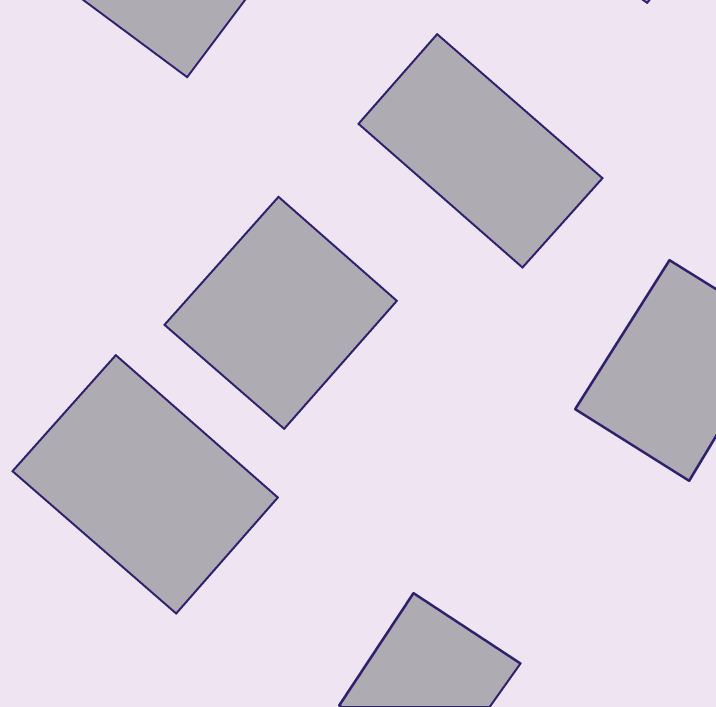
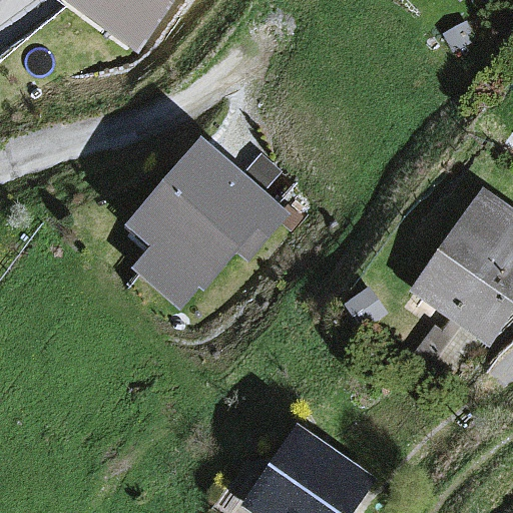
building: [359,34,602,268] -> none
building: [13,355,278,613] -> none

